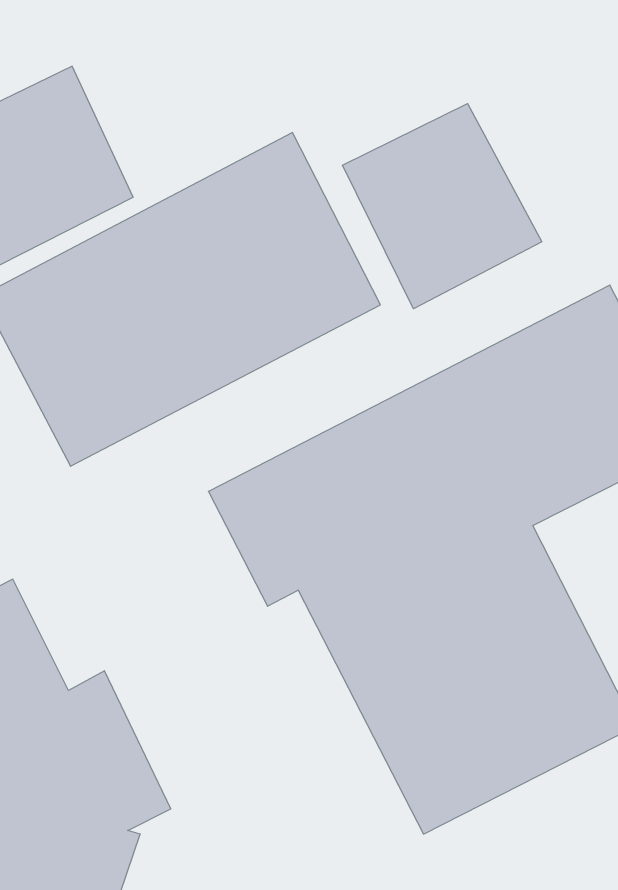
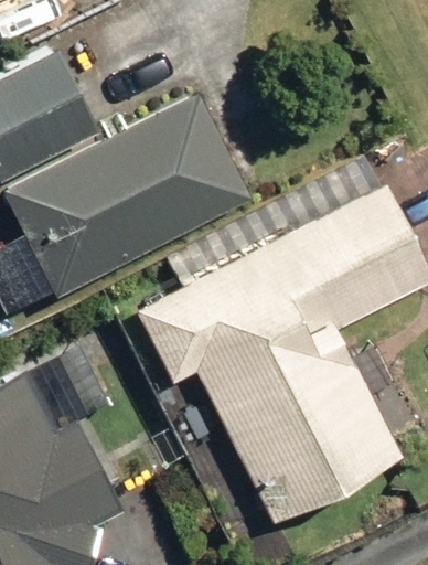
building: [343,104,542,309] -> none

